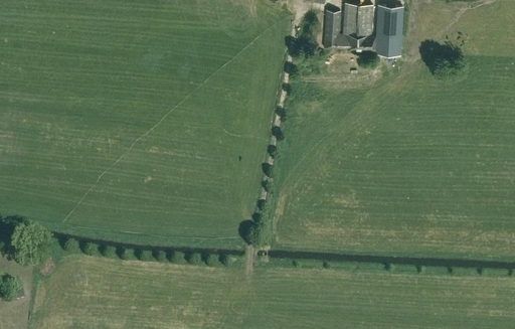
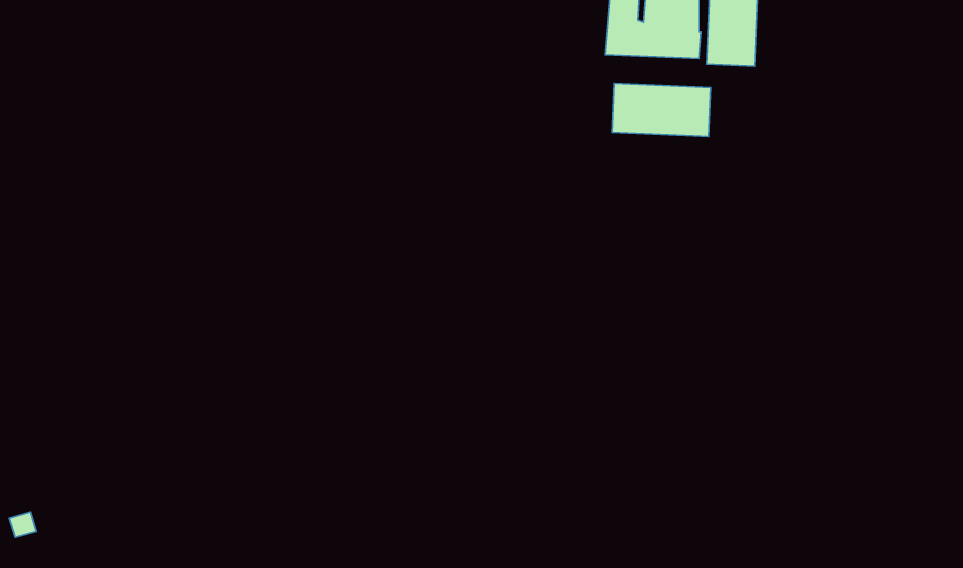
building: none -> [612,83,711,137]

